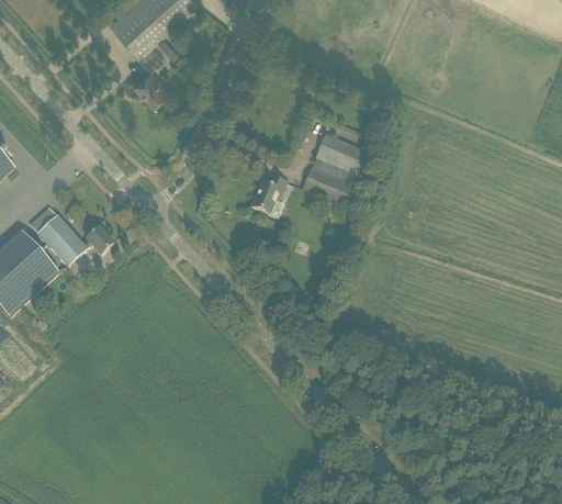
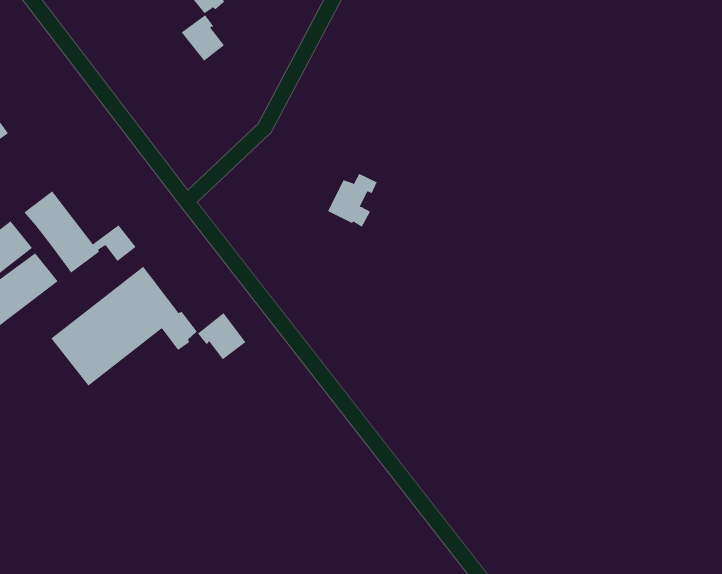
building: [303,133,368,206] -> none
building: none -> [51,266,246,386]

